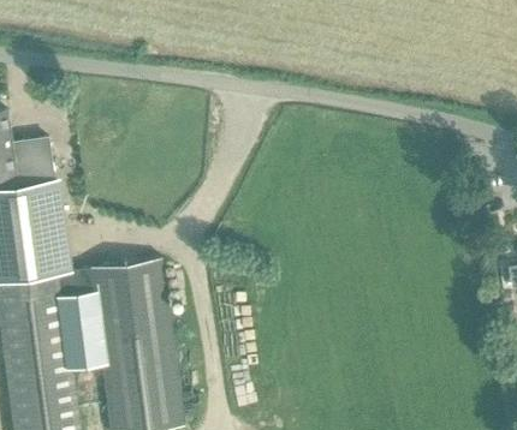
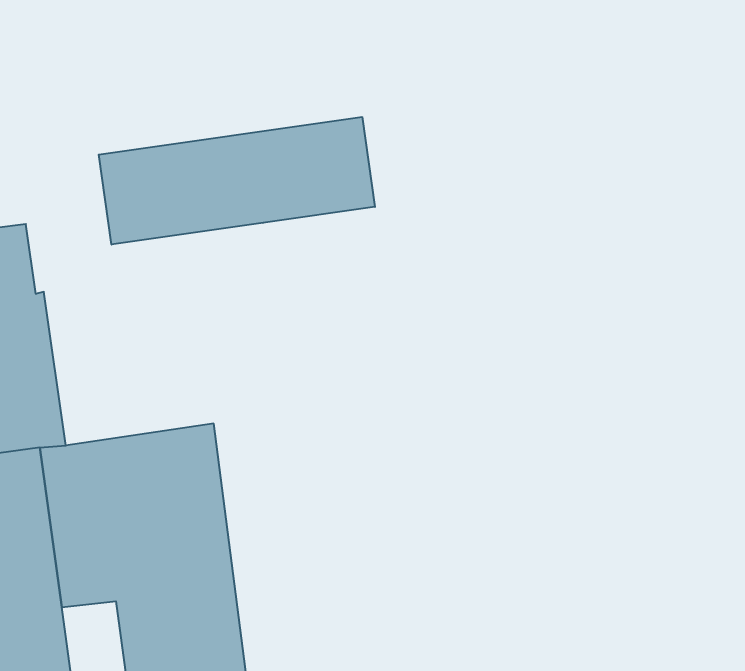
building: none -> [99,117,375,245]

